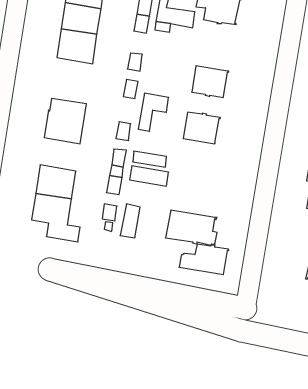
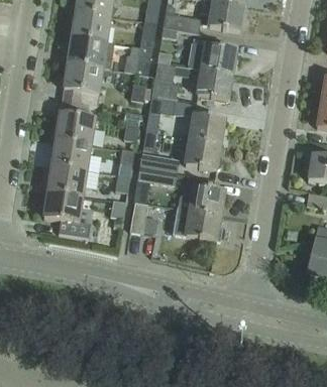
building: none -> [188,42,236,75]
building: none -> [63,61,102,106]
building: none -> [151,63,177,100]
building: none -> [51,138,90,170]
building: none -> [185,139,221,169]
building: [179,244,229,275] -> [177,185,224,215]

